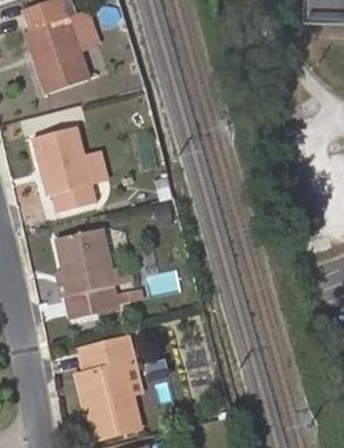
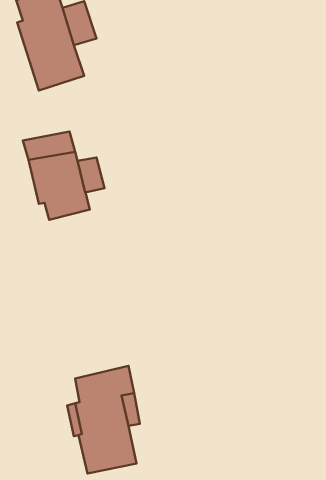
building: [58,231,118,316] -> none

